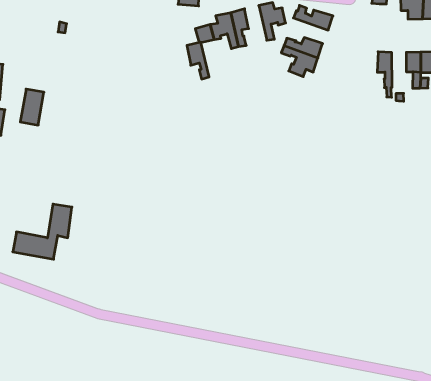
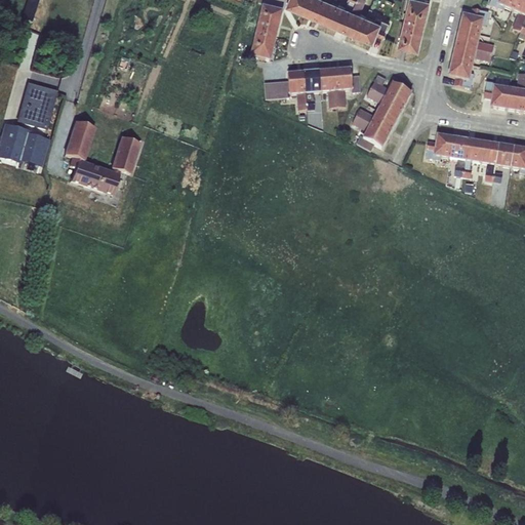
building: none -> [366,86,405,118]
building: [187,42,209,79] -> [320,68,338,107]
building: none -> [427,133,454,159]
building: none -> [463,138,484,177]
building: [13,204,72,259] -> [71,134,140,193]

